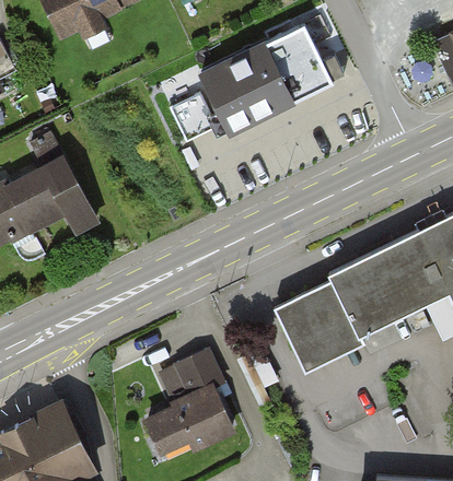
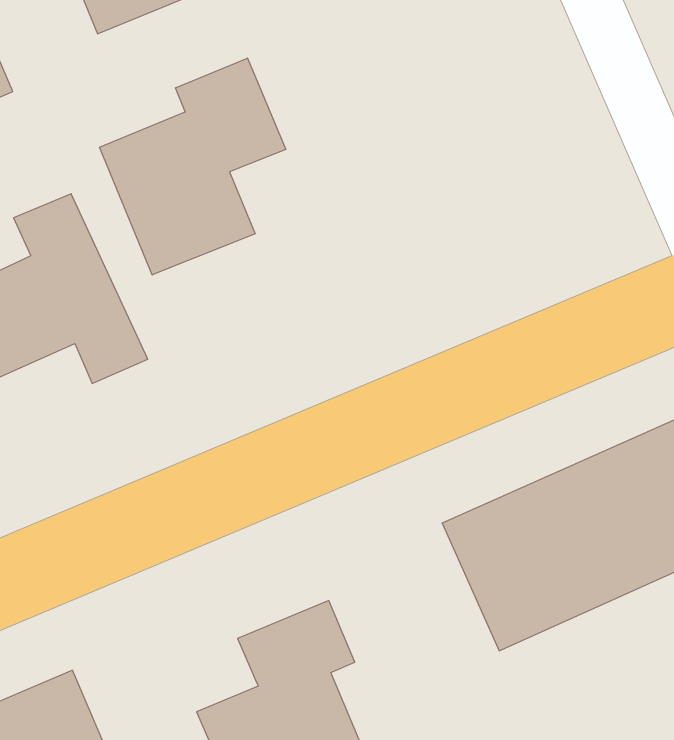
building: [186,27,342,140] -> none
building: none -> [100,58,286,275]

